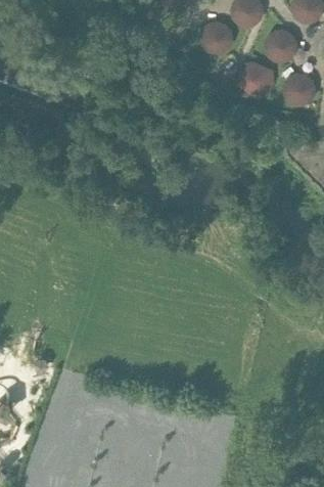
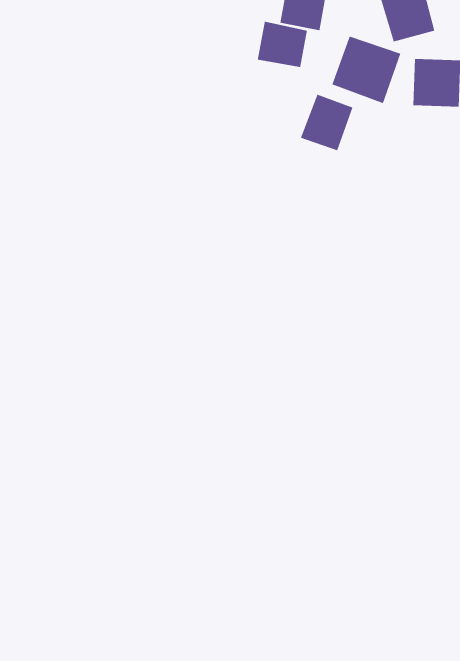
building: none -> [257,21,308,68]
building: none -> [300,94,353,151]

